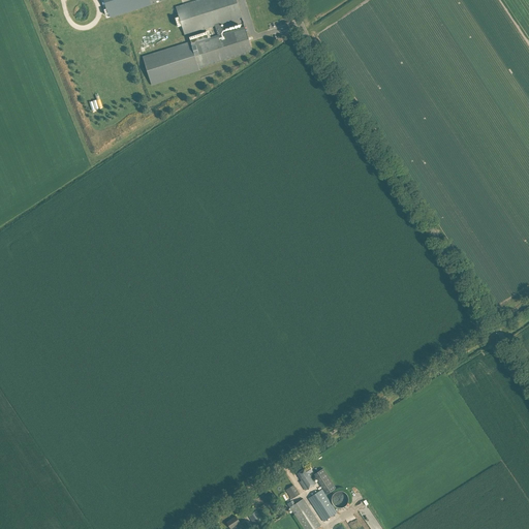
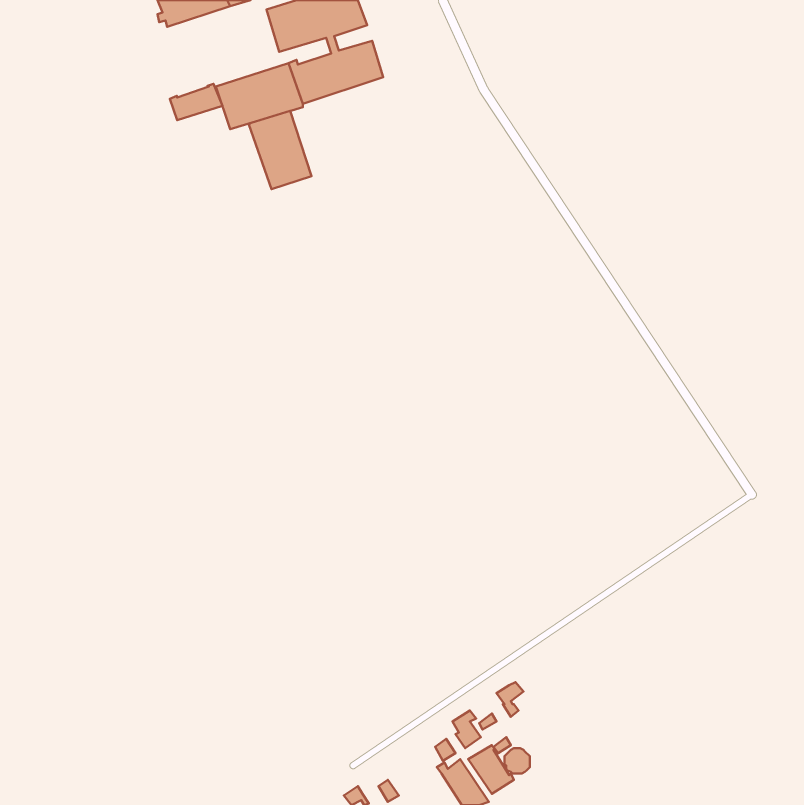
building: none -> [170,84,222,120]
building: none -> [249,111,311,189]

